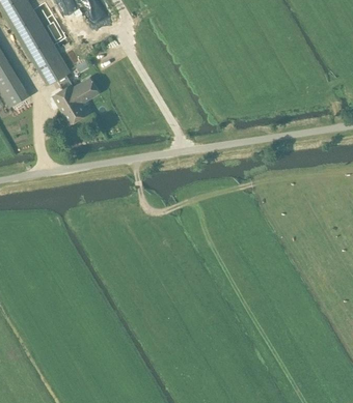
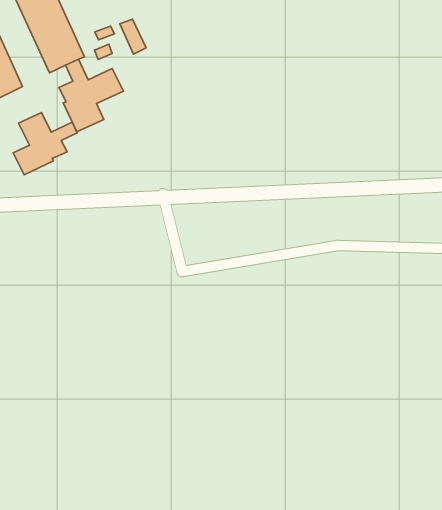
building: none -> [13,113,77,175]

